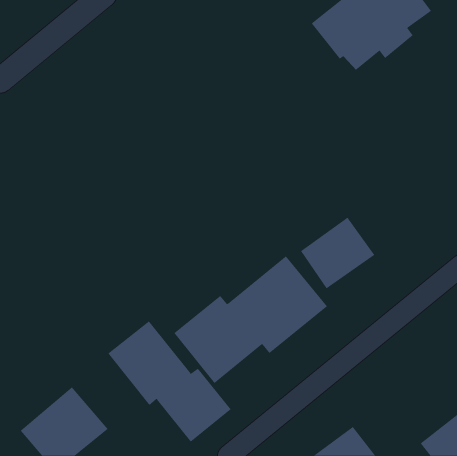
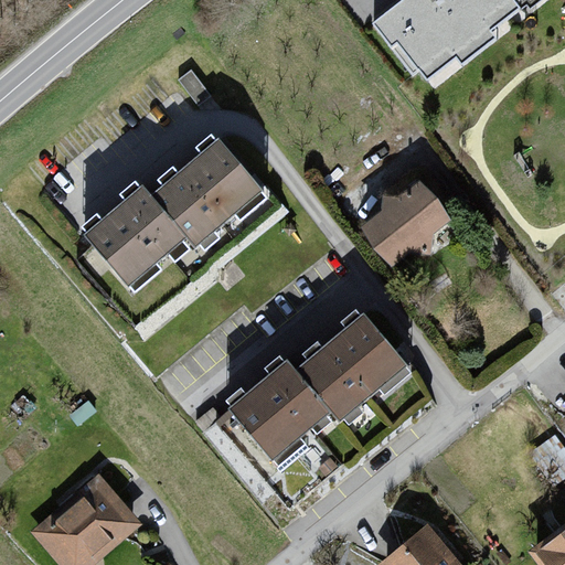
building: none -> [92,132,278,285]
building: [300,217,375,289] -> [350,175,441,264]
building: [107,321,231,442] -> none

